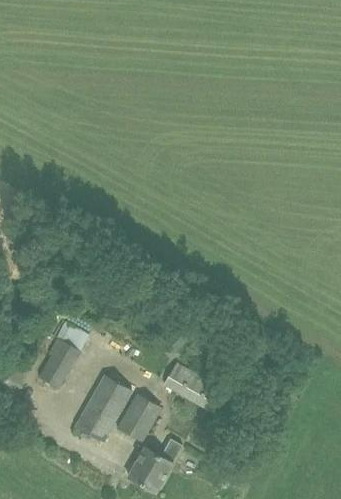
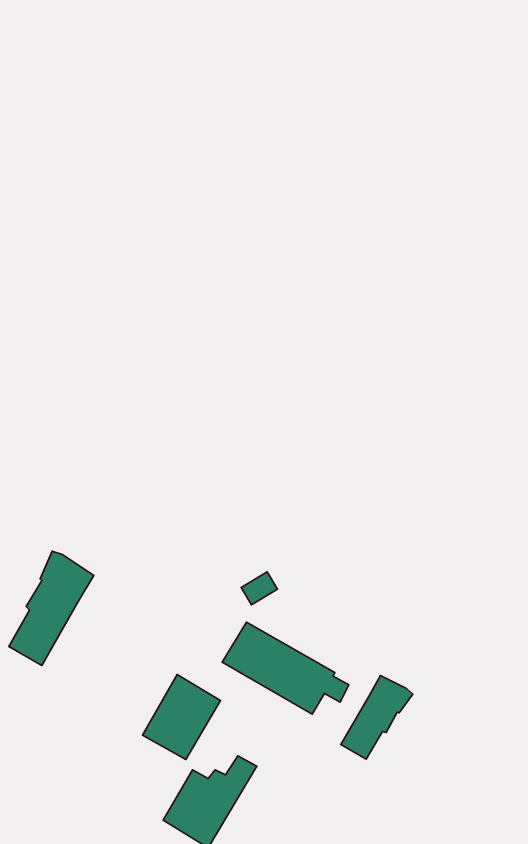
building: [75,374,132,441] -> none
building: none -> [341,676,413,759]

